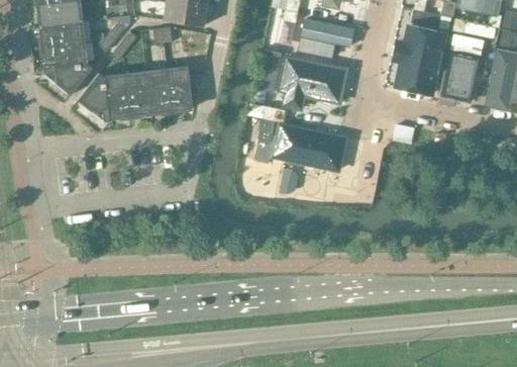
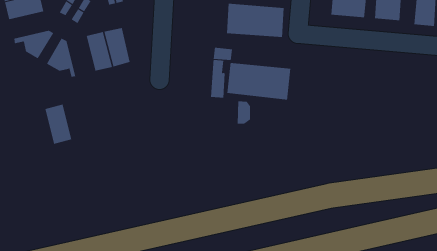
building: [42,41,86,67] -> none
building: [167,67,193,109] -> none
building: [104,74,130,117] -> [44,104,72,145]

